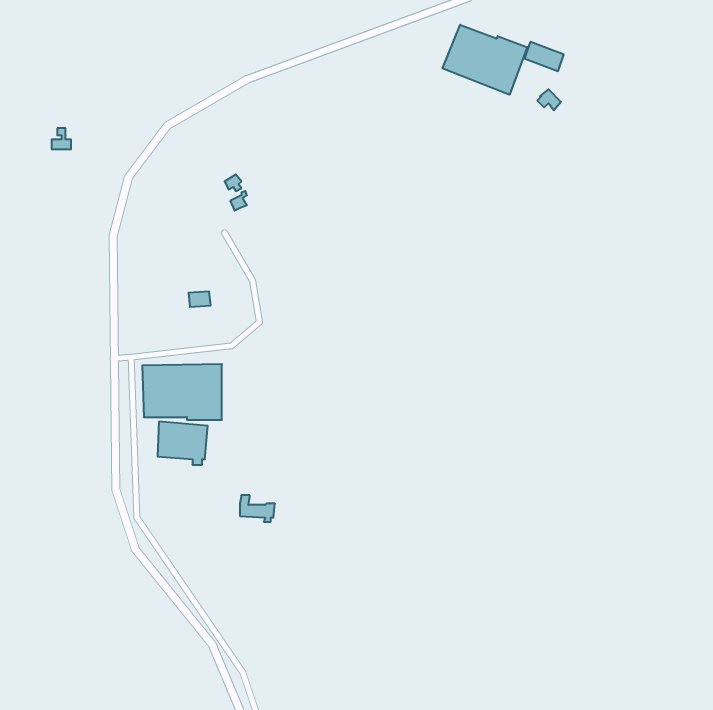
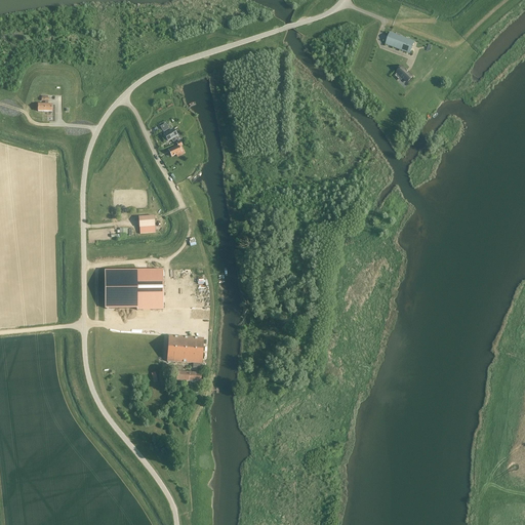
building: [443,25,527,95] -> none
building: [158,422,208,465] -> [167,334,204,366]

